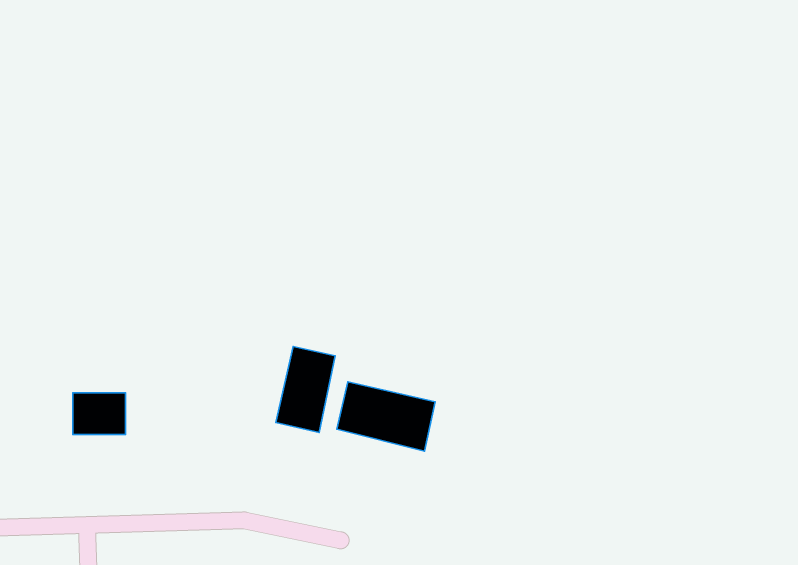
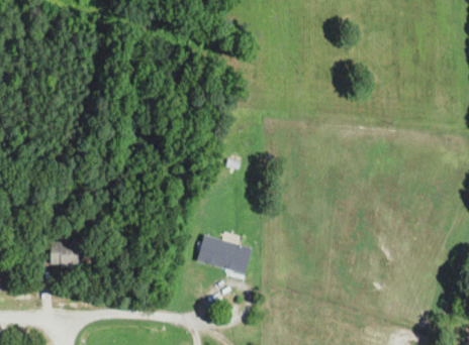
building: [276,346,335,433] -> none

